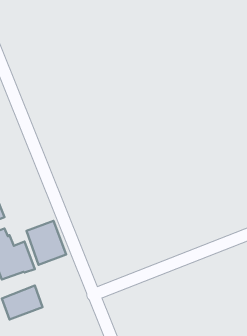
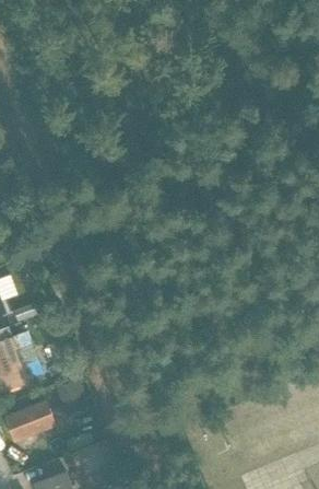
building: [27,221,66,265] -> none

